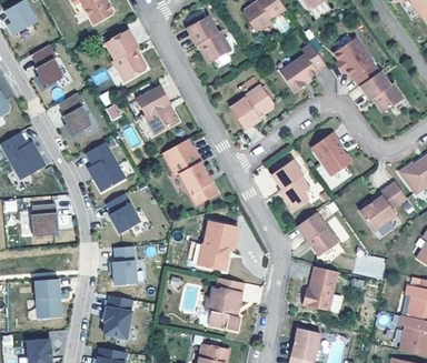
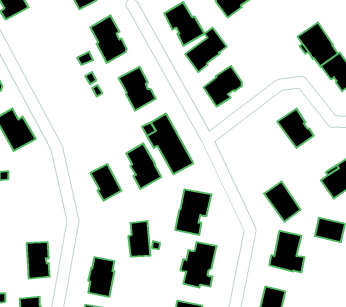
building: [280,43,326,92] -> [185,28,227,72]
building: [30,44,64,89] -> none
building: [58,92,92,137] -> none
building: [86,142,125,192] -> [126,143,161,189]
building: [271,160,309,210] -> none
building: [31,203,58,236] -> none
building: [112,245,137,284] -> [128,221,151,257]

